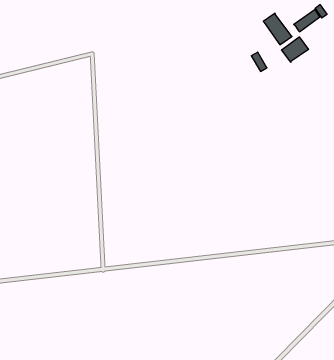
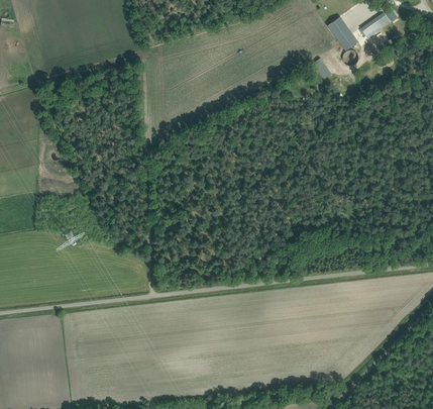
building: [282,37,308,62] -> none

